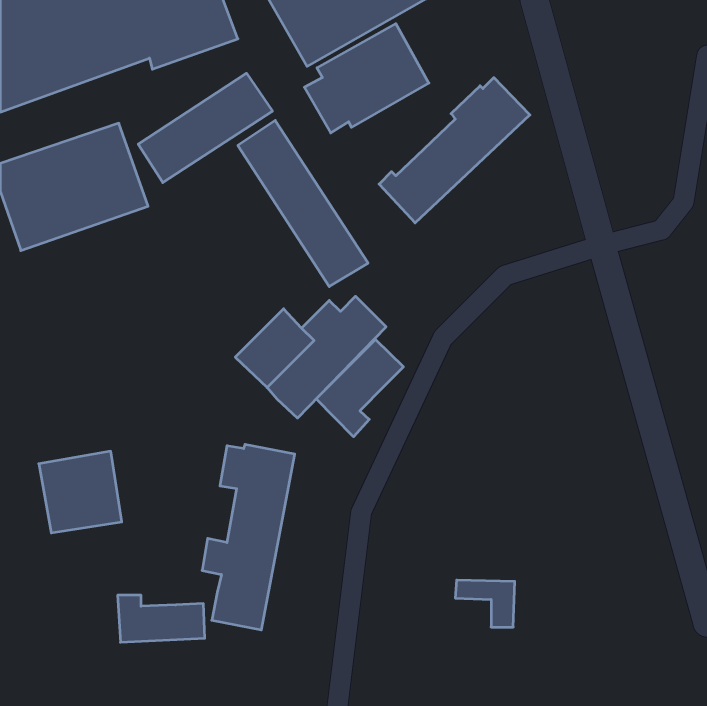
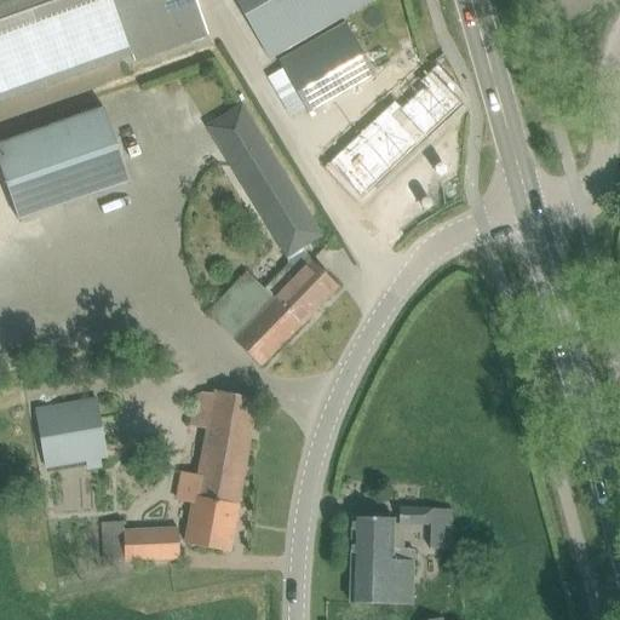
building: [138,73,272,183] -> none
building: [316,339,403,437] -> none
building: none -> [350,516,414,604]

